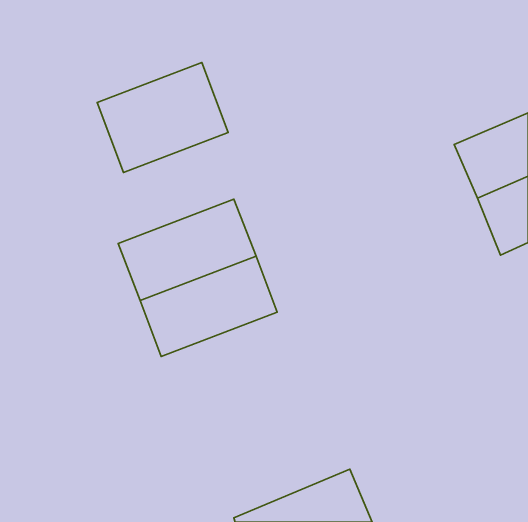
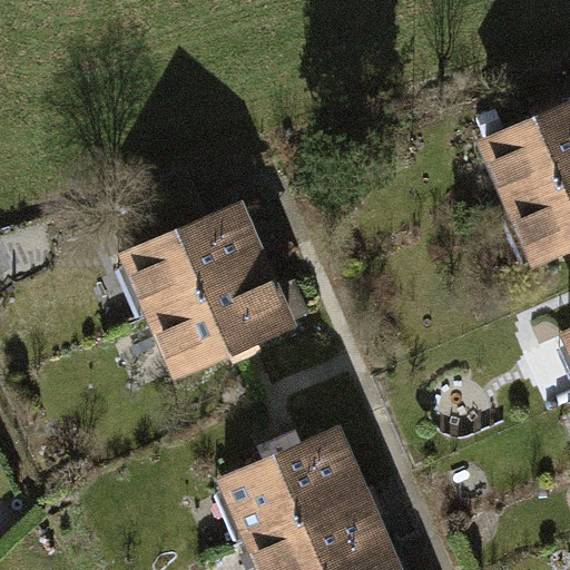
building: [97,62,228,172] -> none
building: none -> [223,439,370,547]

